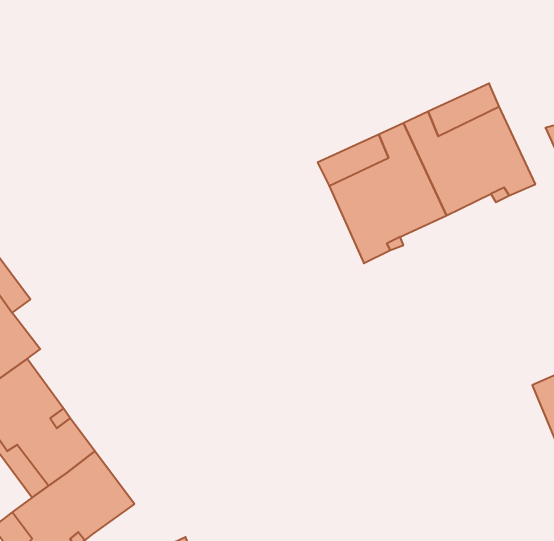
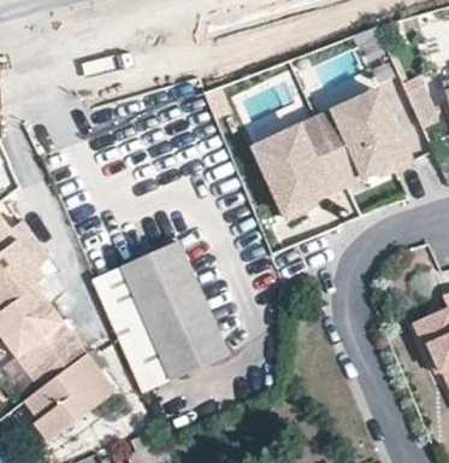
building: none -> [96,245,231,393]

